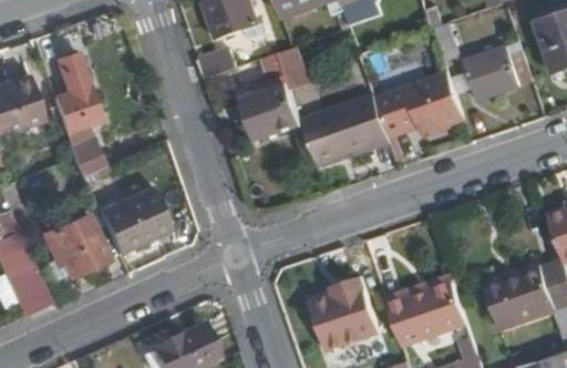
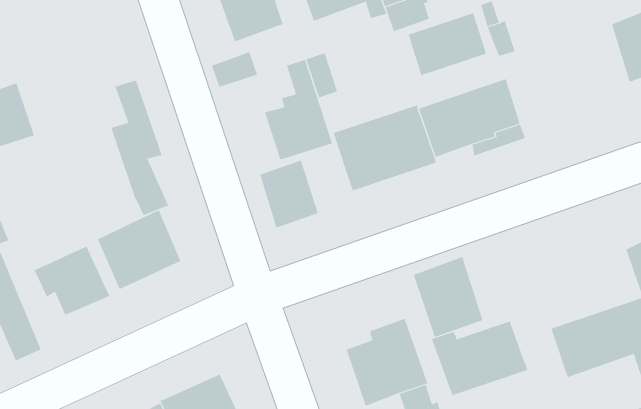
building: [464,45,532,100] -> [408,12,487,76]
building: [54,59,104,175] -> [111,80,169,216]
building: none -> [260,160,318,229]
building: none -> [413,256,483,338]

